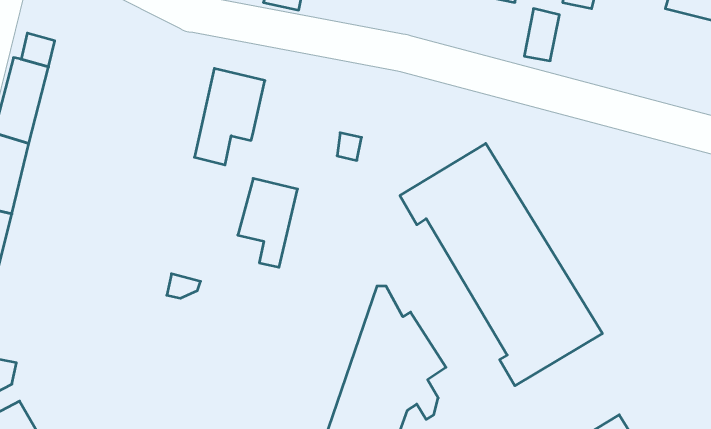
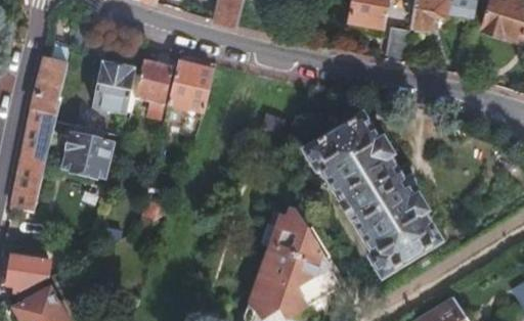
building: none -> [92,61,133,112]
building: none -> [62,132,111,176]
building: [238,178,298,267] -> [135,57,175,117]

